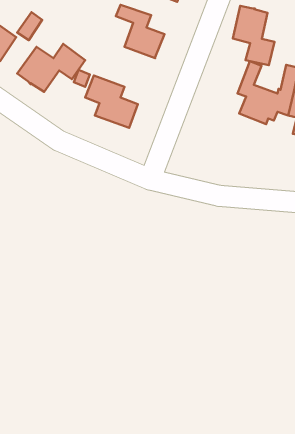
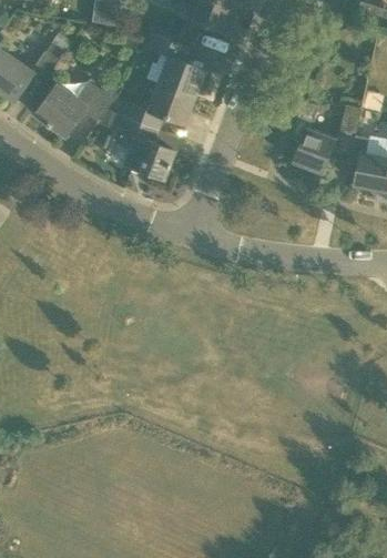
building: [233,6,275,65] -> none
building: none -> [124,84,195,131]

